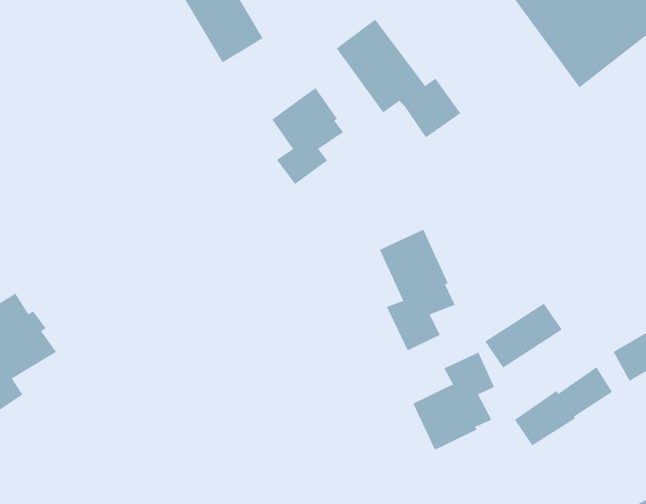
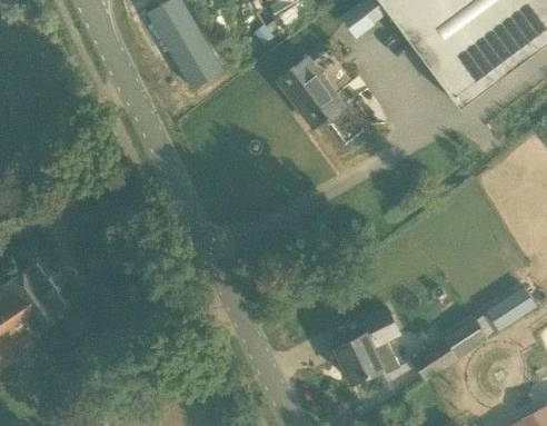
building: [271,87,344,185] -> none
building: [379,229,455,351] -> none
building: [484,303,562,368] -> none

